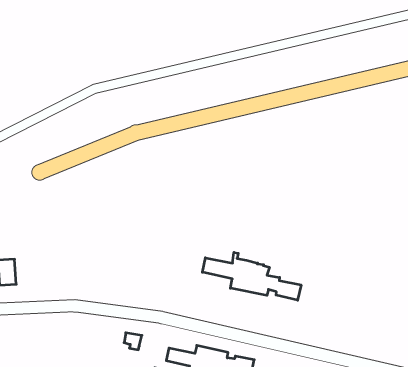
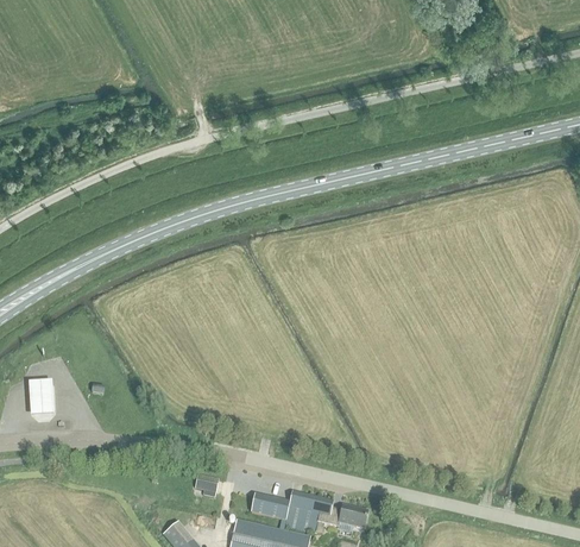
building: [202,252,301,300] -> none

